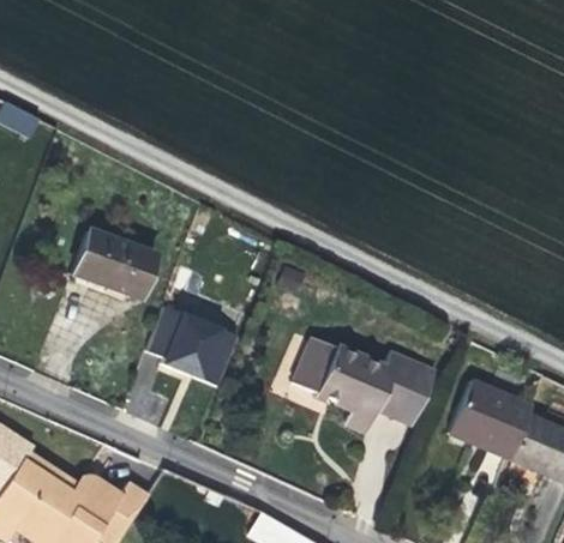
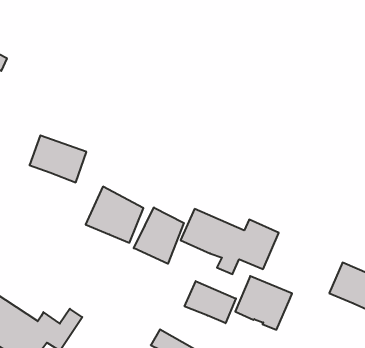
building: none -> [134,207,184,264]
building: [448,380,530,458] -> [235,276,292,330]
building: none -> [185,281,236,323]

